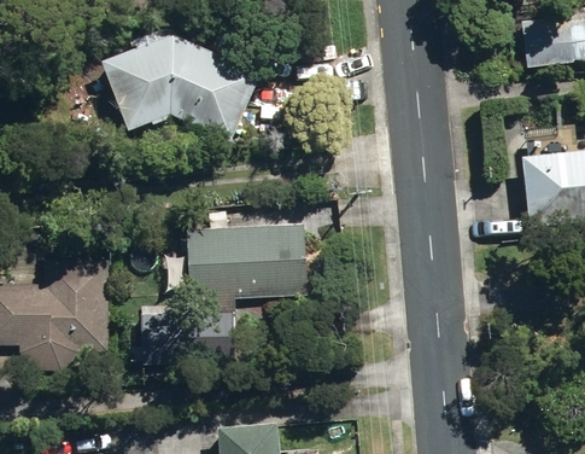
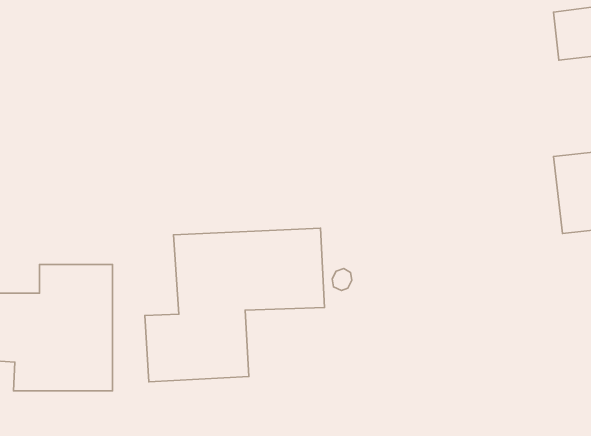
building: [112,31,267,135] -> none

